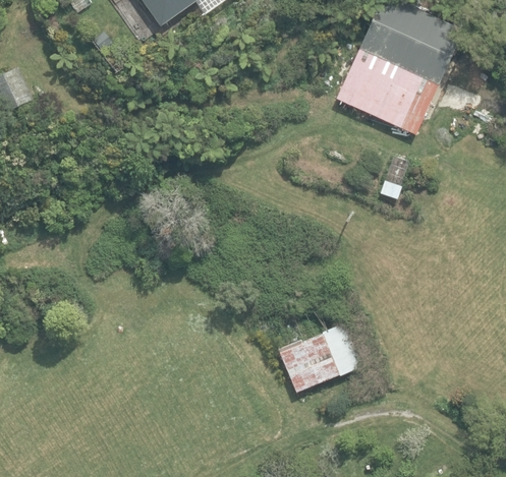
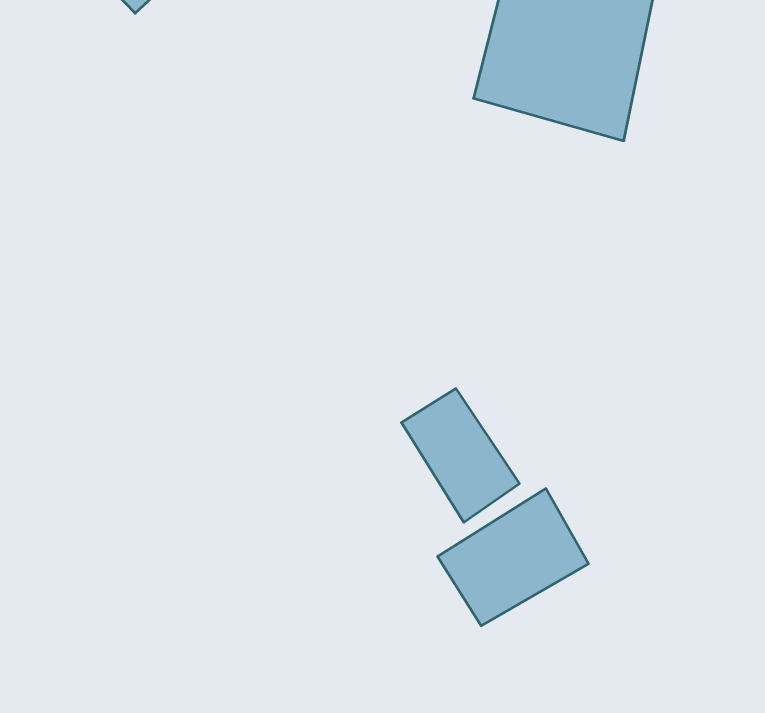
building: none -> [401,389,519,522]

